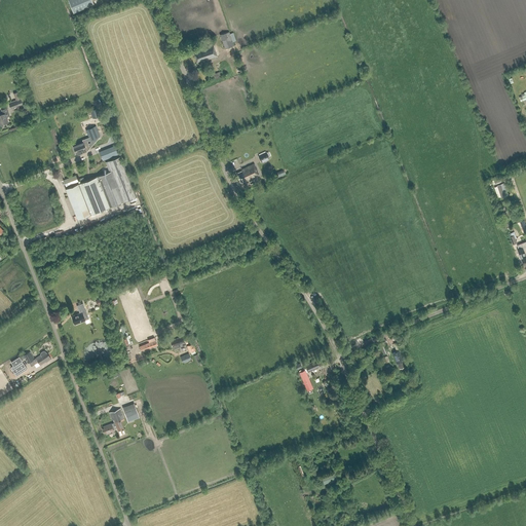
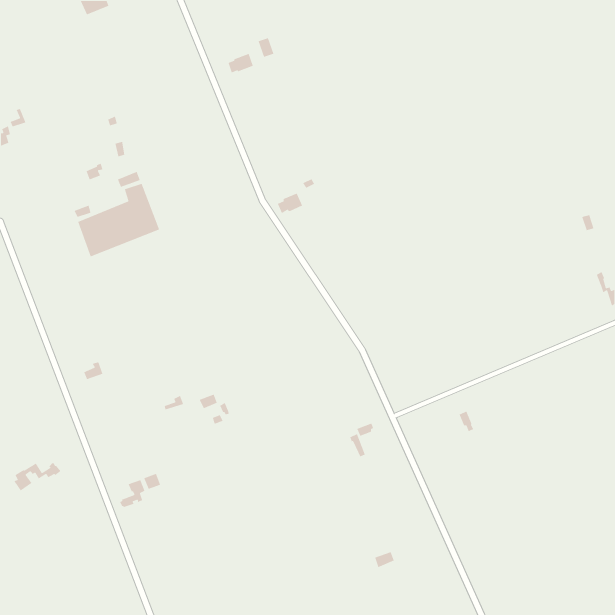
building: [10,351,51,376] -> [13,463,61,492]

